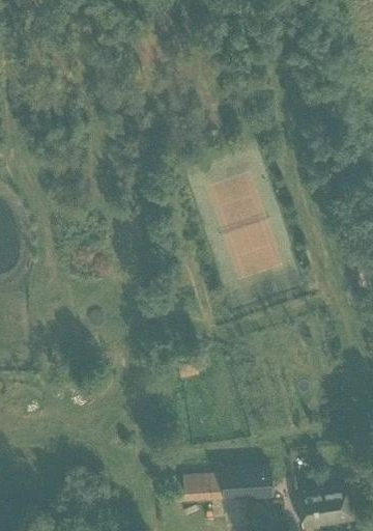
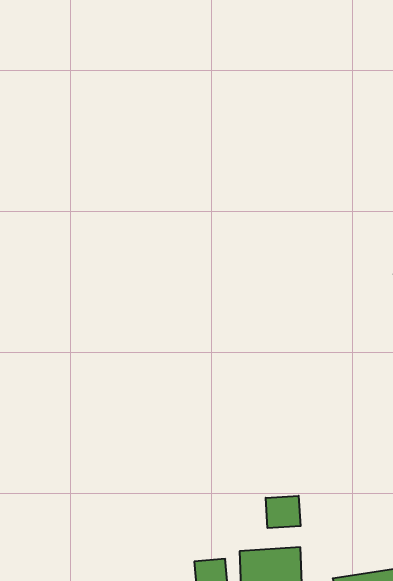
building: none -> [266,496,301,528]

